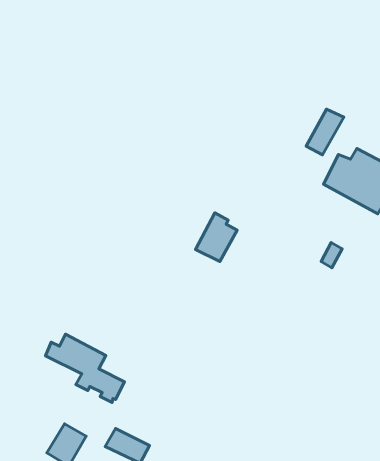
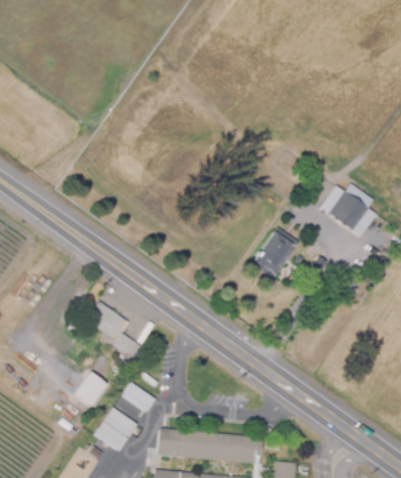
building: [306,109,344,155] -> none
building: [195,213,237,262] -> [258,232,293,272]

